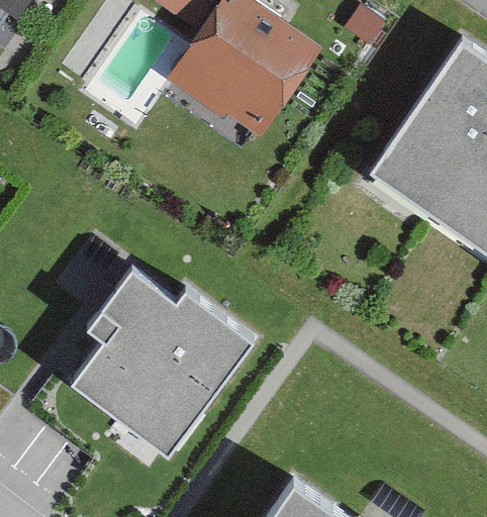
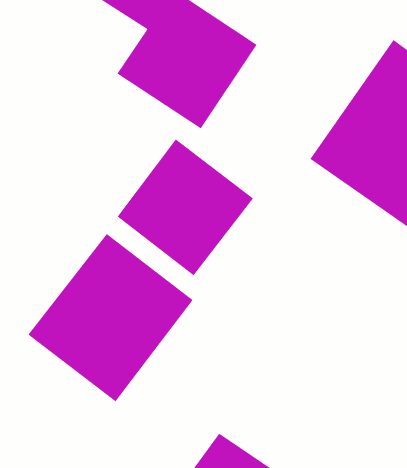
building: none -> [117,138,254,276]

